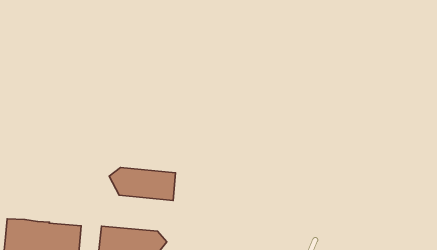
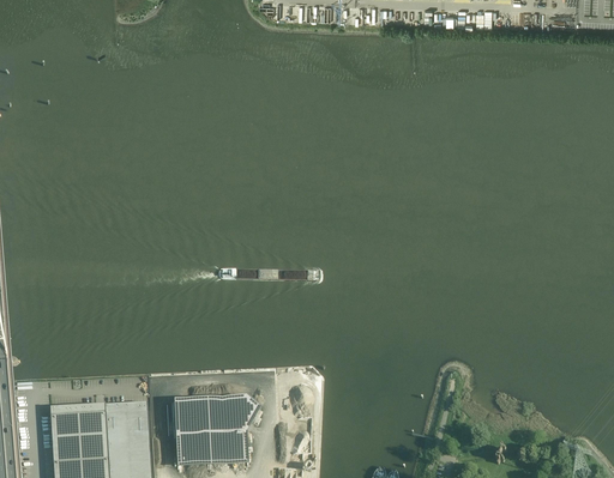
building: [109,168,175,200] -> none

